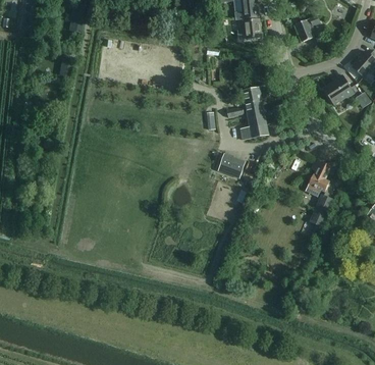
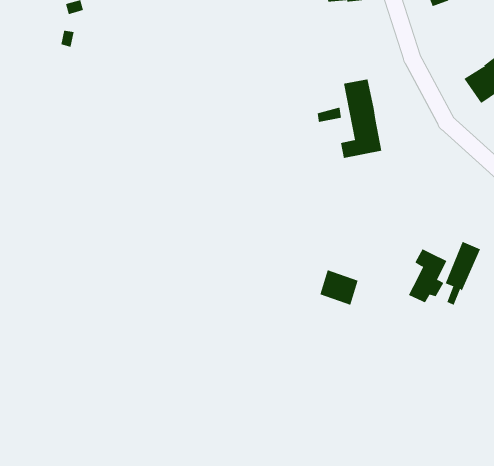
building: [220,152,246,175] -> [319,269,359,305]
building: [307,158,332,194] -> [408,248,447,303]

